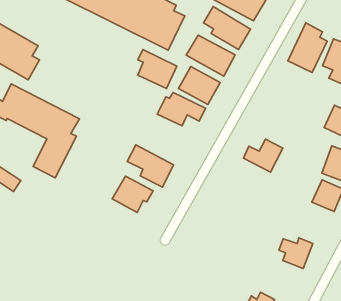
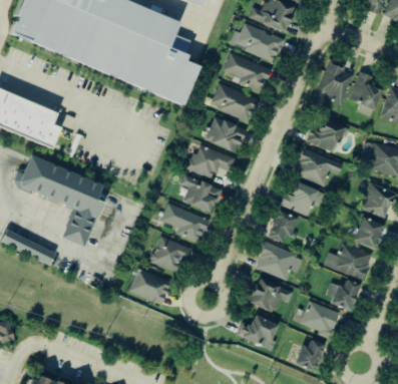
building: [138,50,177,88] -> [180,175,222,213]
building: none -> [306,120,345,152]
building: none -> [294,147,344,186]
building: none -> [271,212,299,242]
building: none -> [256,243,303,281]
building: none -> [324,242,373,281]
building: none -> [129,270,170,304]
building: none -> [250,279,293,312]
building: none -> [300,301,340,337]
building: none -> [237,315,281,349]

